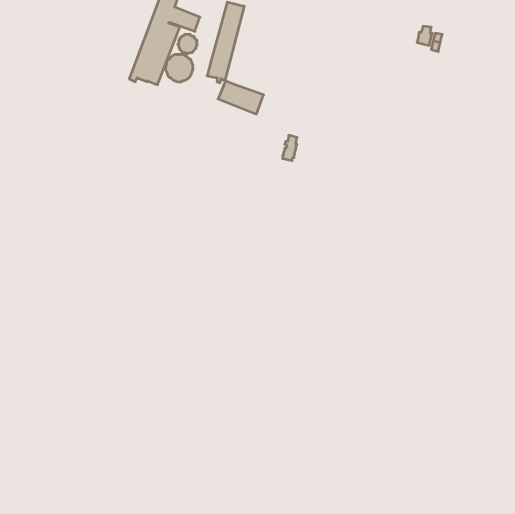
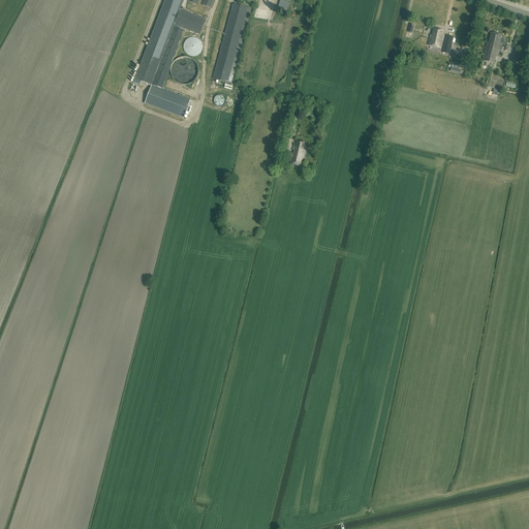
building: none -> [481,31,508,62]
building: [218,81,264,114] -> [144,83,190,117]

